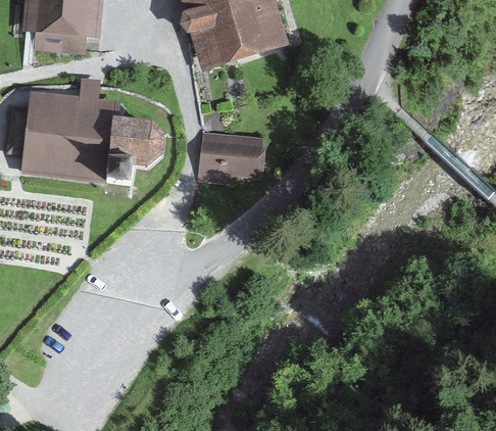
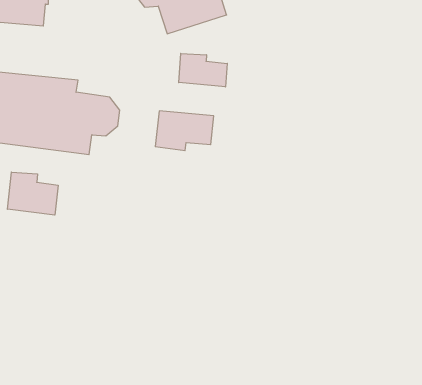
building: none -> [179,53,227,87]
building: none -> [7,172,58,215]

